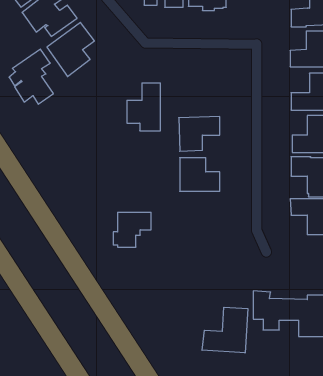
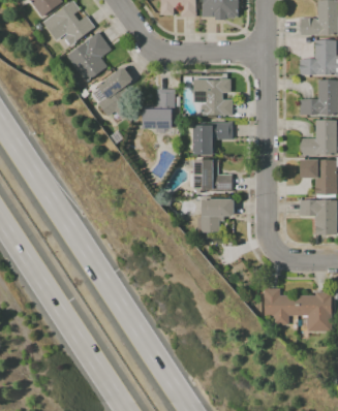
building: [9,49,53,104] -> [93,66,135,119]
building: none -> [193,78,232,115]
building: [113,212,151,247] -> [197,198,234,231]
building: [202,307,248,353] -> none

